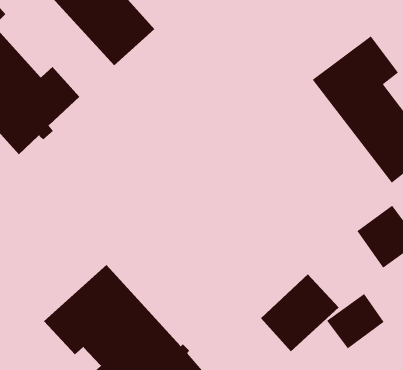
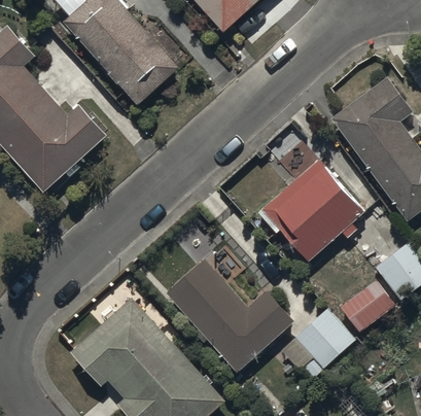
building: none -> [261,138,363,262]
building: none -> [167,258,294,373]
building: [326,293,385,349] -> [338,278,394,333]

